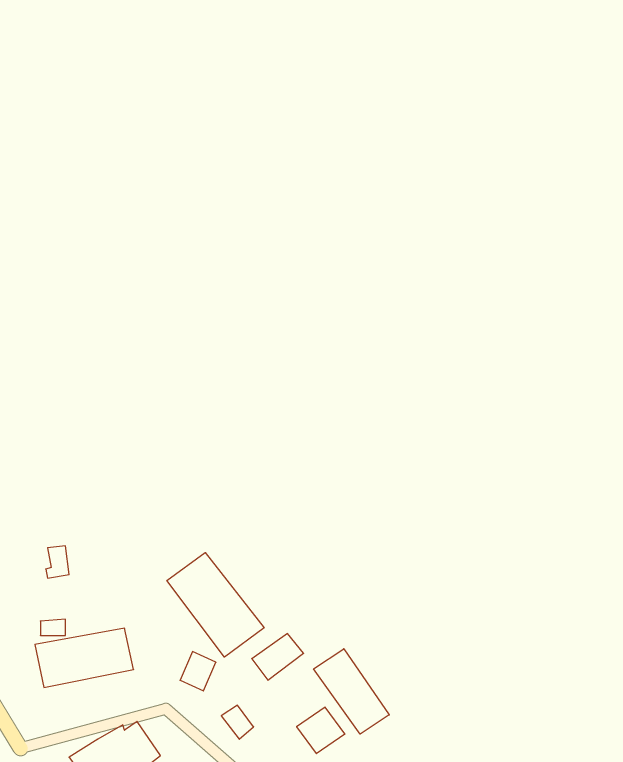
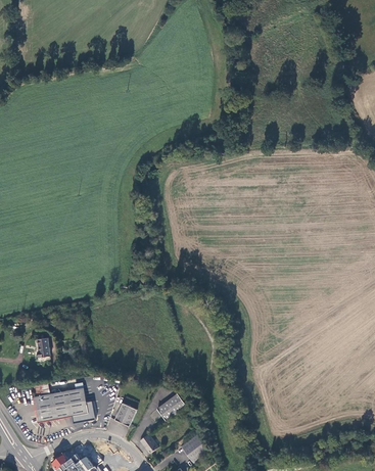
building: [167,553,264,657] -> none
building: [314,649,389,734] -> none

